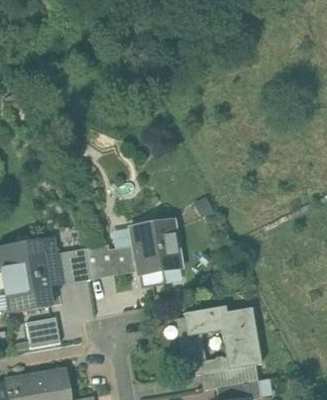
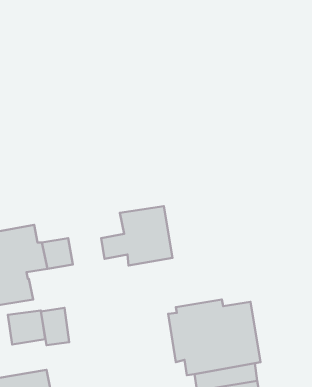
building: [85,245,118,274] -> none
building: none -> [41,308,69,345]

